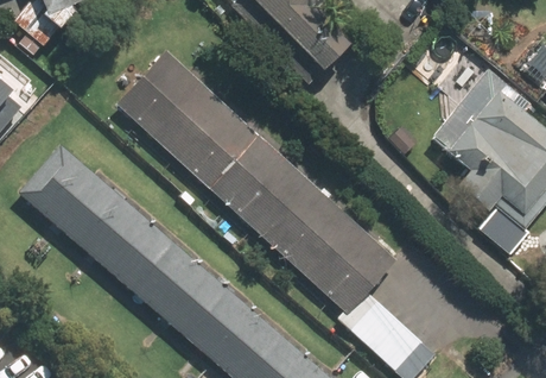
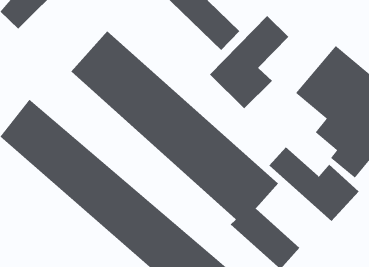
building: none -> [209,15,289,109]
building: none -> [268,146,359,222]

